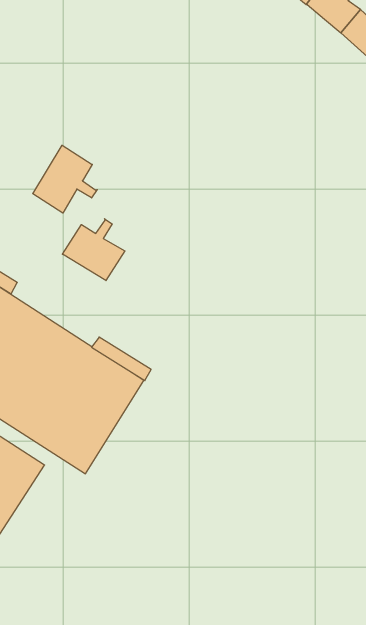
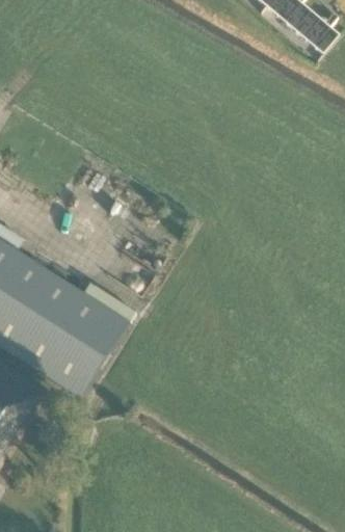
building: [33,145,97,213] -> none
building: [62,219,125,281] -> none

